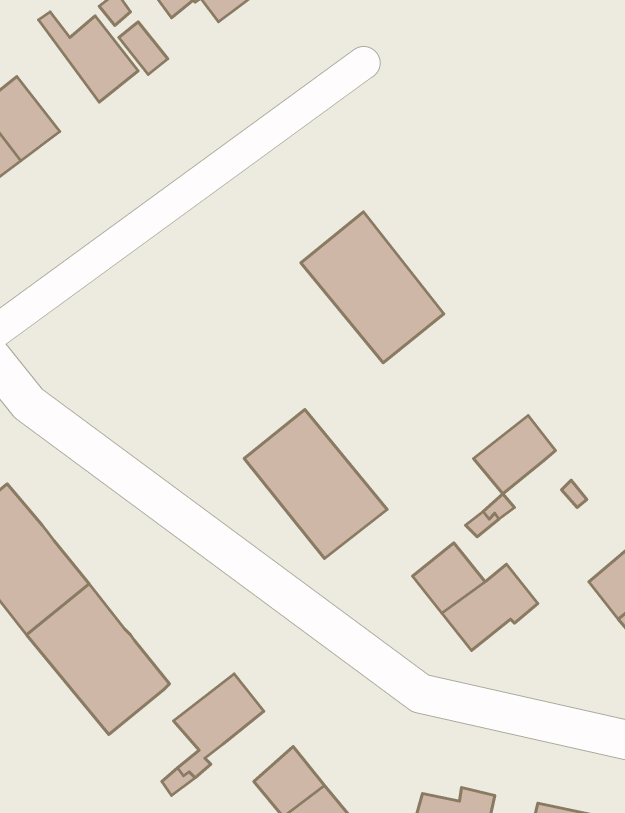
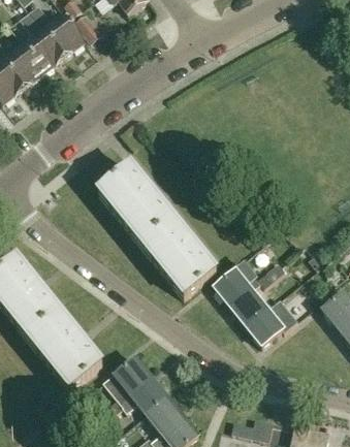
building: none -> [22,12,65,71]
building: [301,212,444,363] -> [98,164,173,244]
building: [473,415,556,494] -> [215,264,258,306]
building: none -> [121,377,167,414]

